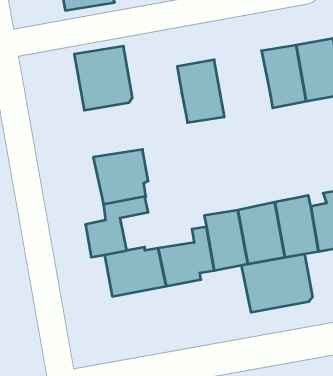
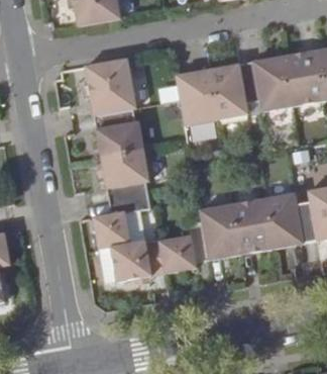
building: none -> [210,61,260,120]
building: none -> [93,107,145,157]
building: [242,254,312,312] -> none

